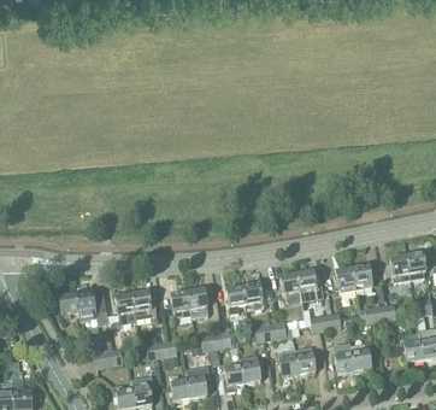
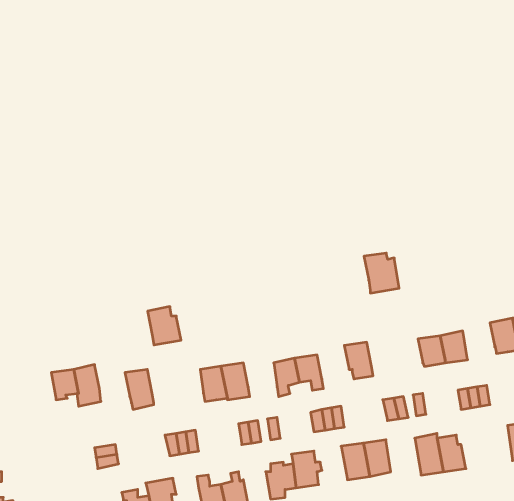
building: [296,276,323,306] -> [364,253,399,293]
building: [131,295,157,324] -> [148,307,181,345]

